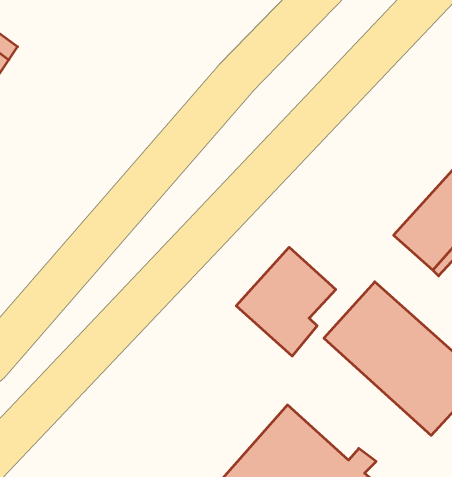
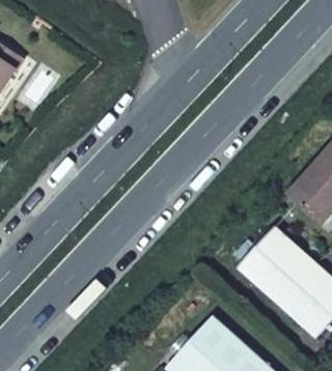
building: [236,247,336,356] -> none

